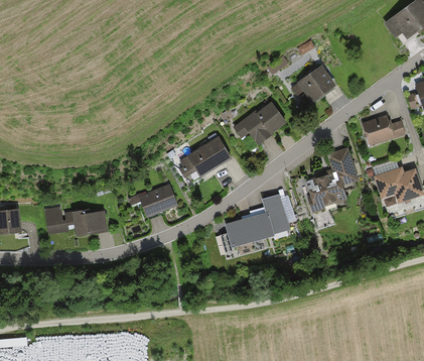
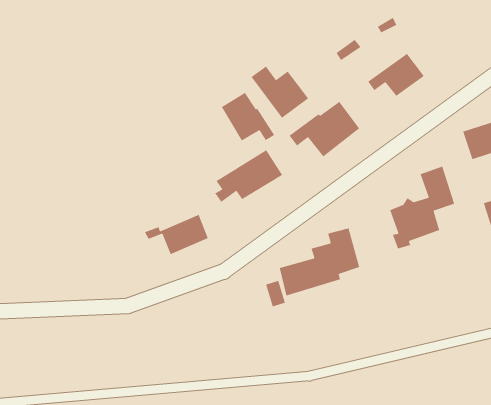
building: none -> [250,65,309,119]
building: none -> [221,92,275,141]
building: [45,208,108,235] -> none

